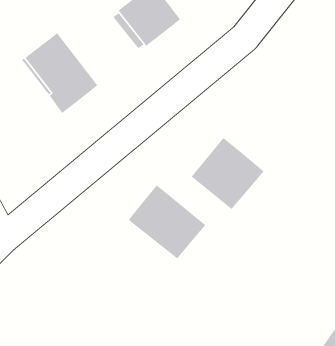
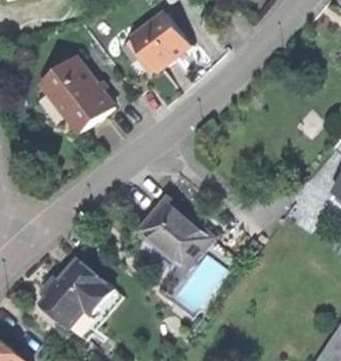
building: [191,137,265,210] -> none
building: none -> [41,259,113,326]

